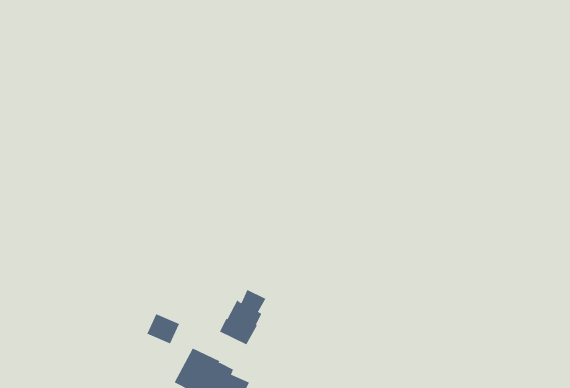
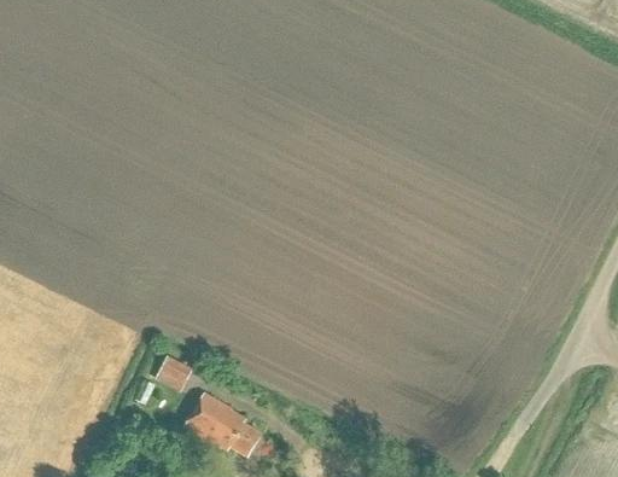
building: [219,289,266,346] -> none

